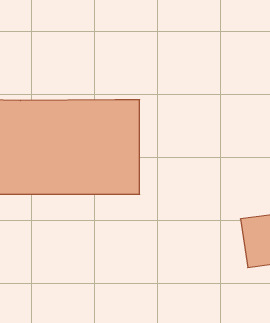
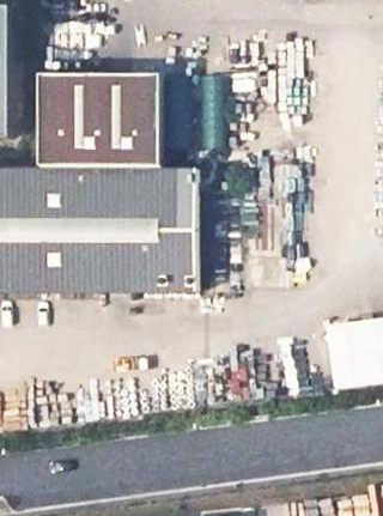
building: none -> [36,83,159,177]

